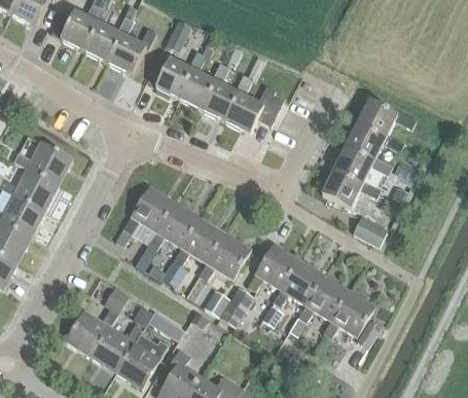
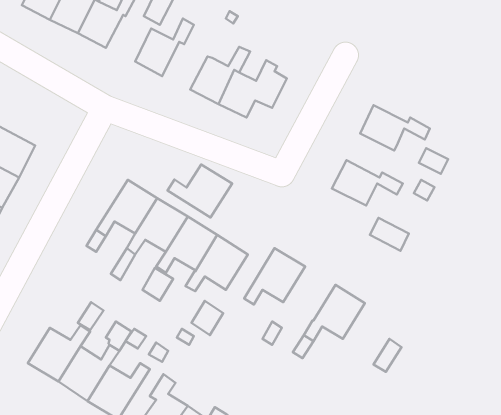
building: [178,63,228,110] -> none
building: [356,100,416,138] -> none
building: [333,147,392,184] -> none
building: none -> [168,165,232,217]
building: [272,259,324,306] -> none
building: [218,286,253,327] -> none
building: [322,290,374,337] -> none

